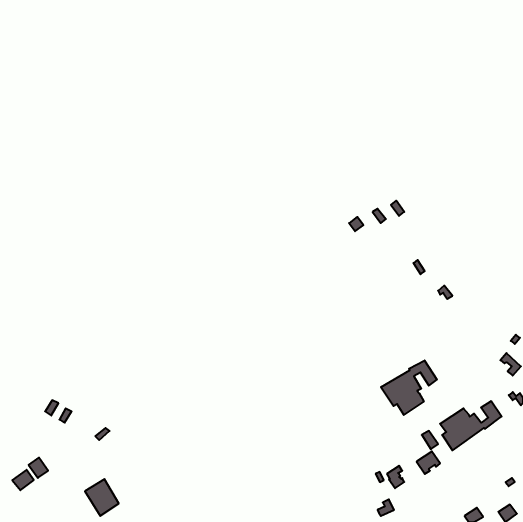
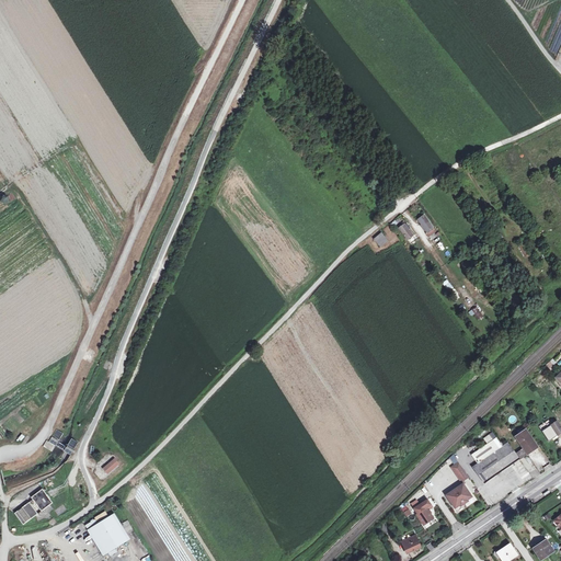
building: [381,360,437,415] -> none

